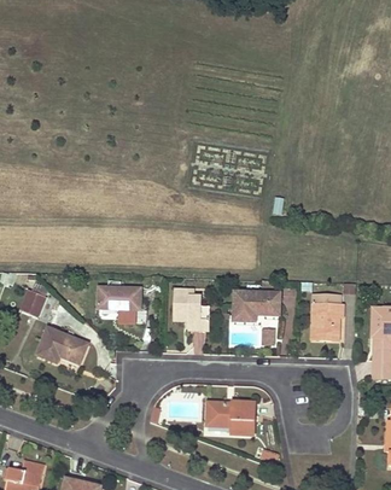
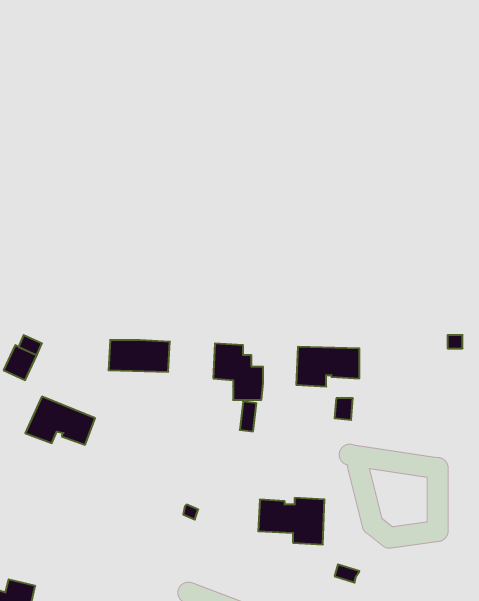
building: [311,292,343,339] -> none

